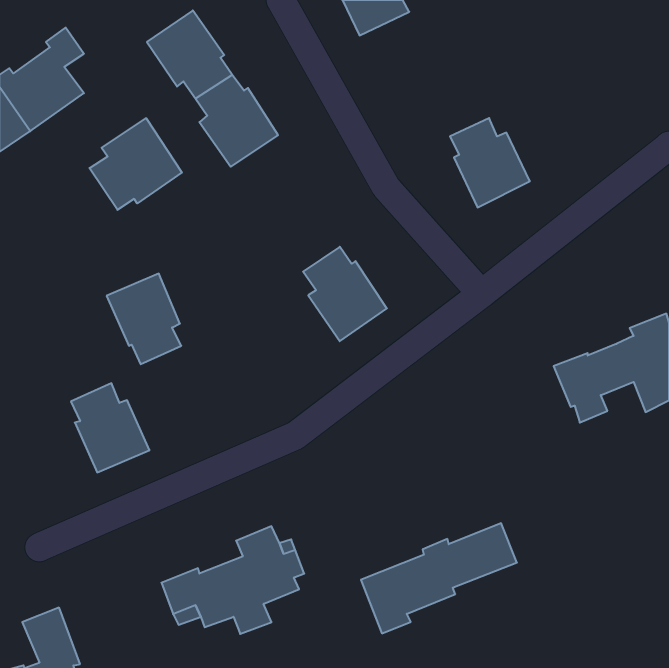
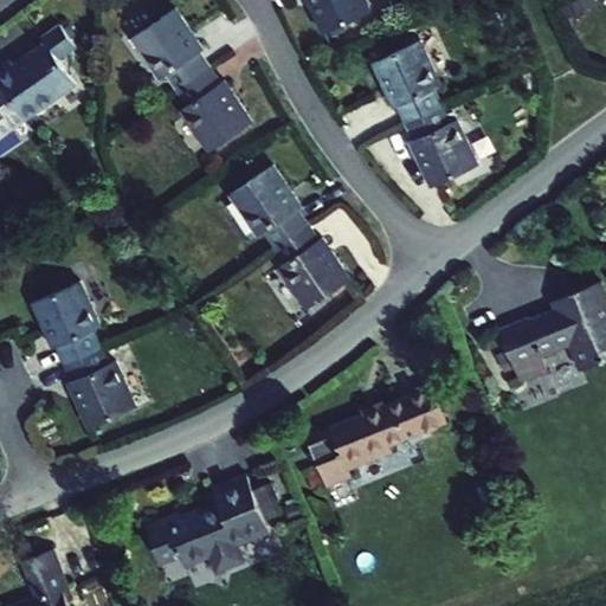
building: none -> [373,44,441,125]
building: [89,118,182,210] -> none
building: none -> [230,167,307,247]
building: [107,274,181,364] -> [33,283,101,365]
building: [361,523,517,633] -> [307,388,447,488]

